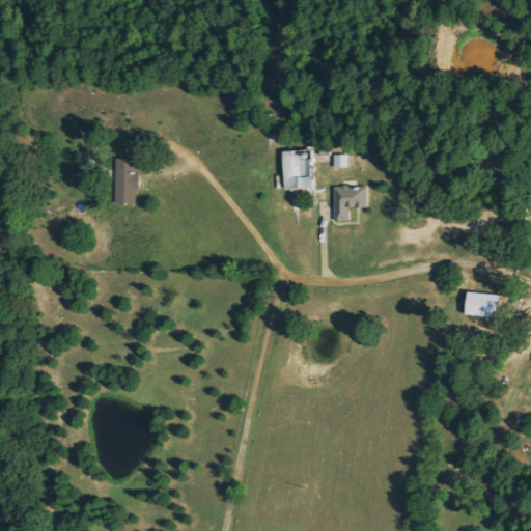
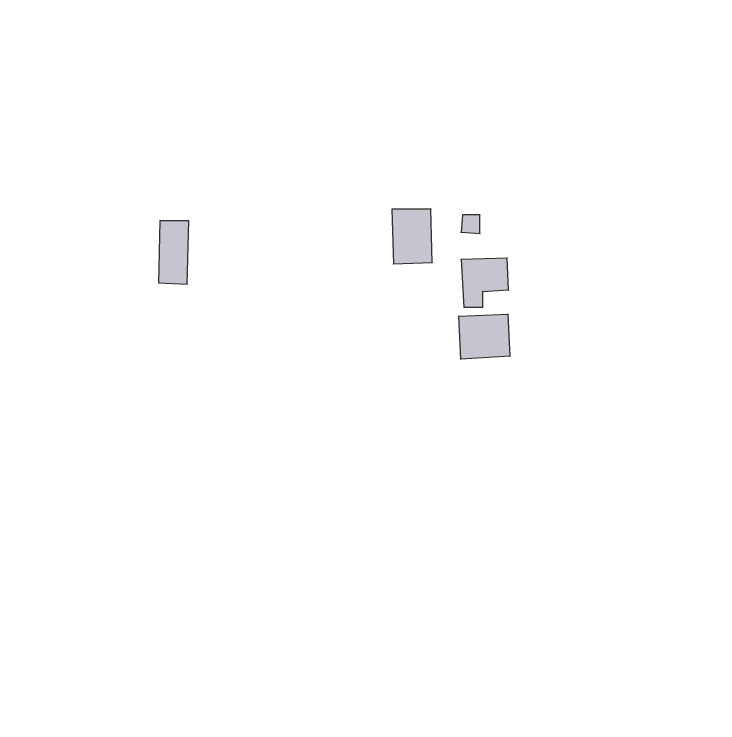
building: none -> [459,314,510,359]
building: [465,292,497,317] -> none

